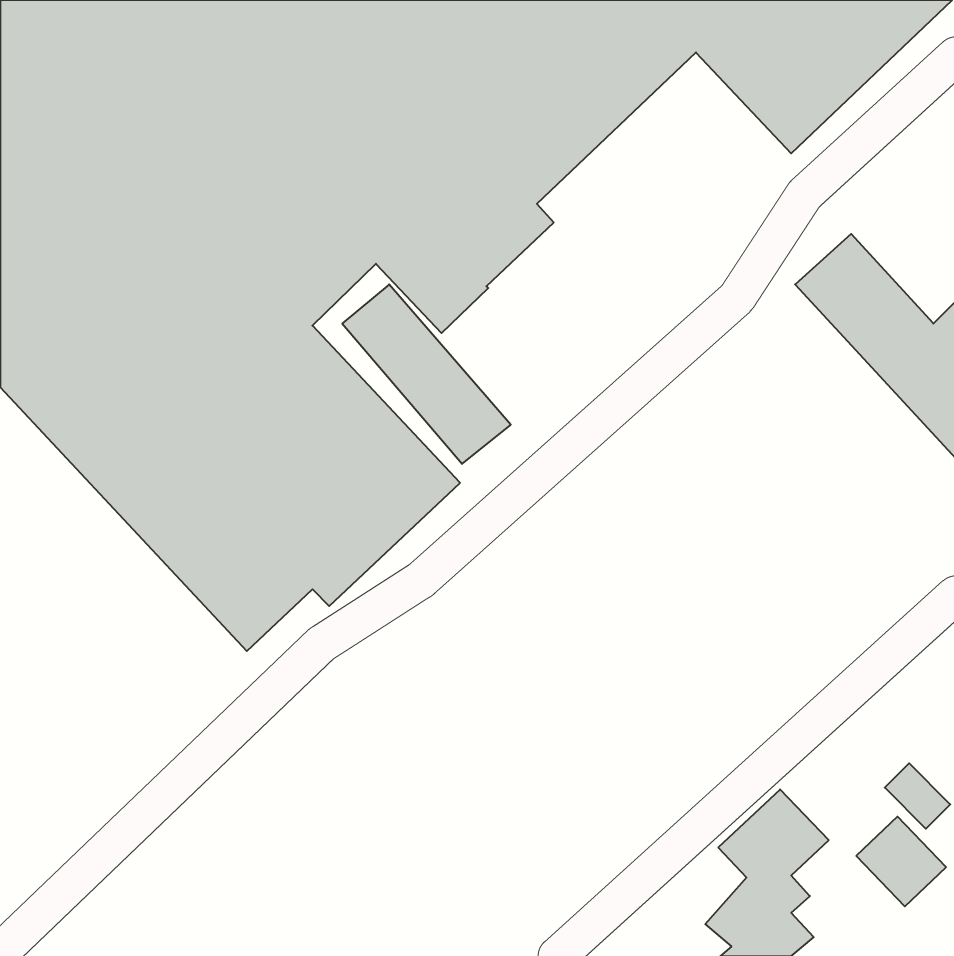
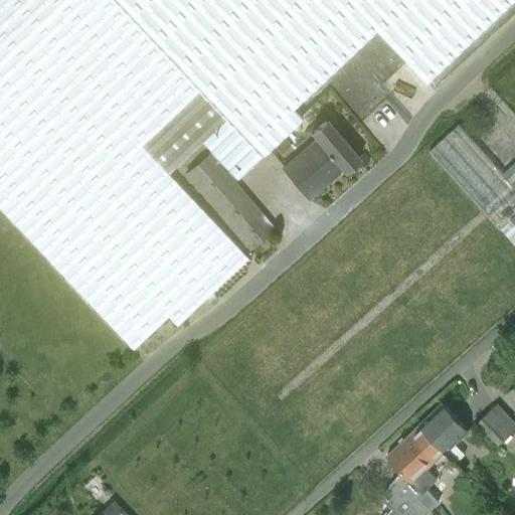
building: none -> [282,120,360,198]
building: [856,817,946,906] -> [420,403,469,452]

